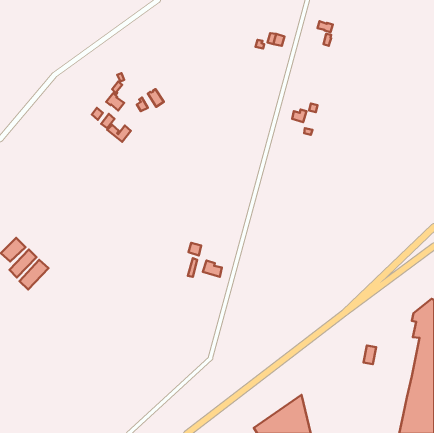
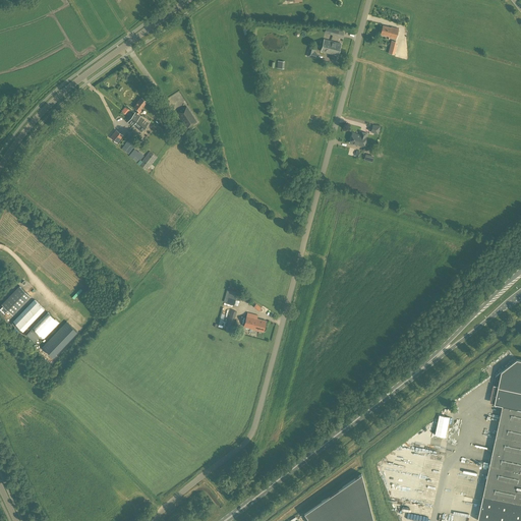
building: none -> [42,323,77,358]

